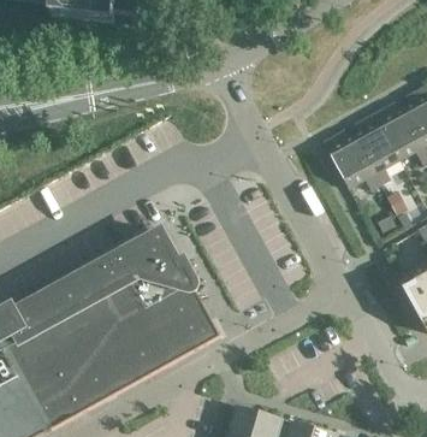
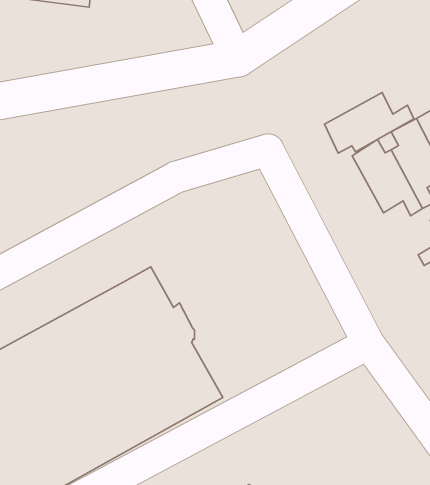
building: none -> [325,92,414,153]

